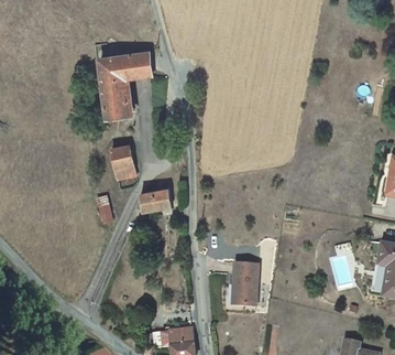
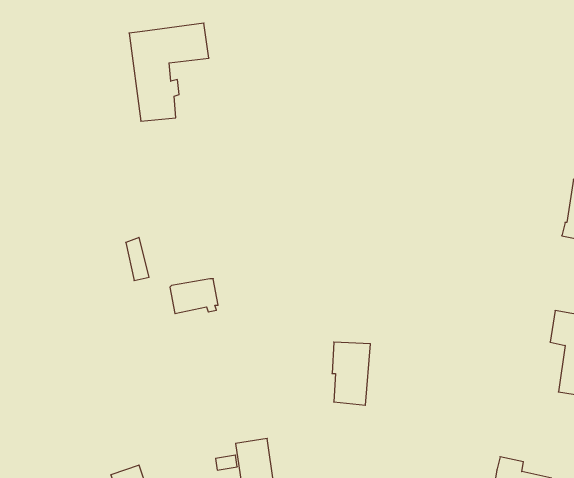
building: [111,144,134,178] -> none
building: [139,189,171,212] -> [170,279,218,314]

